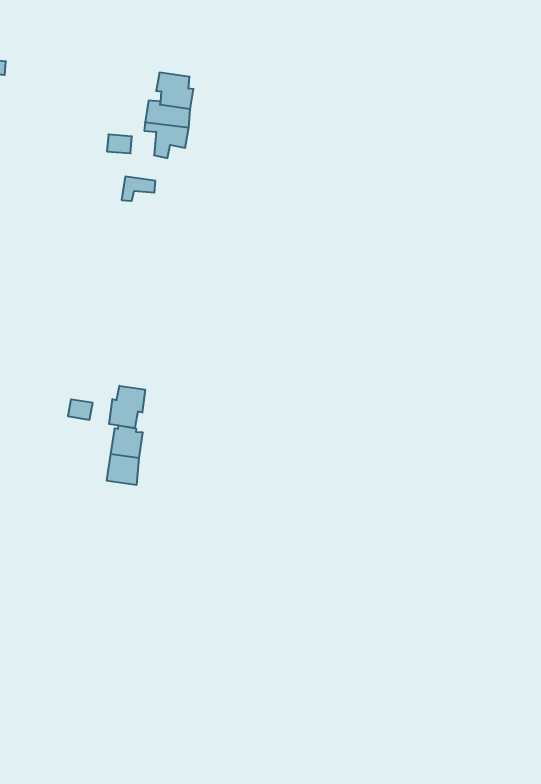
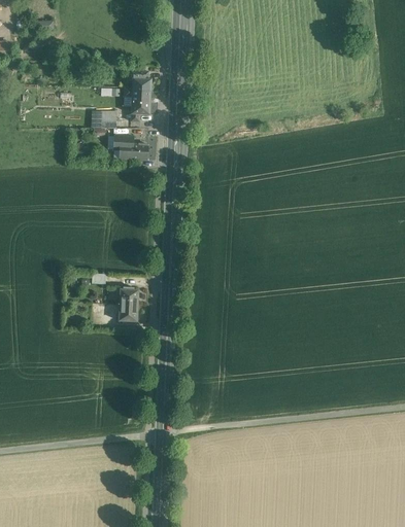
building: none -> [119,142,147,159]
building: [109,386,145,428] -> none

